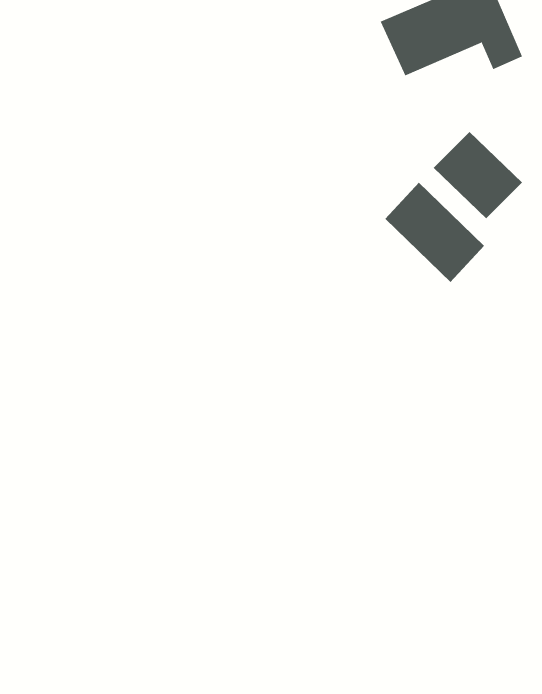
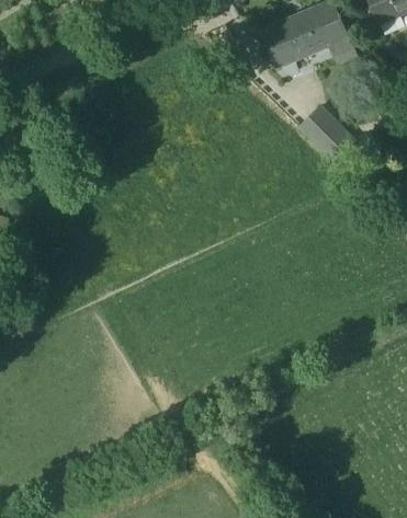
building: [384,182,485,283] -> none

